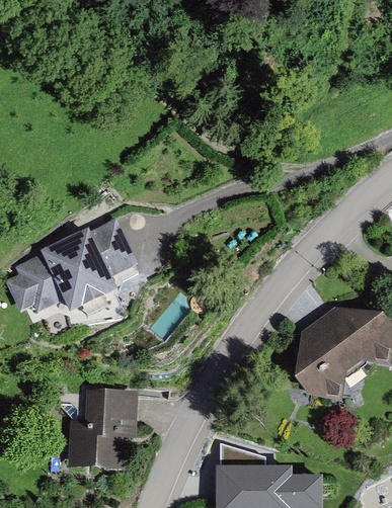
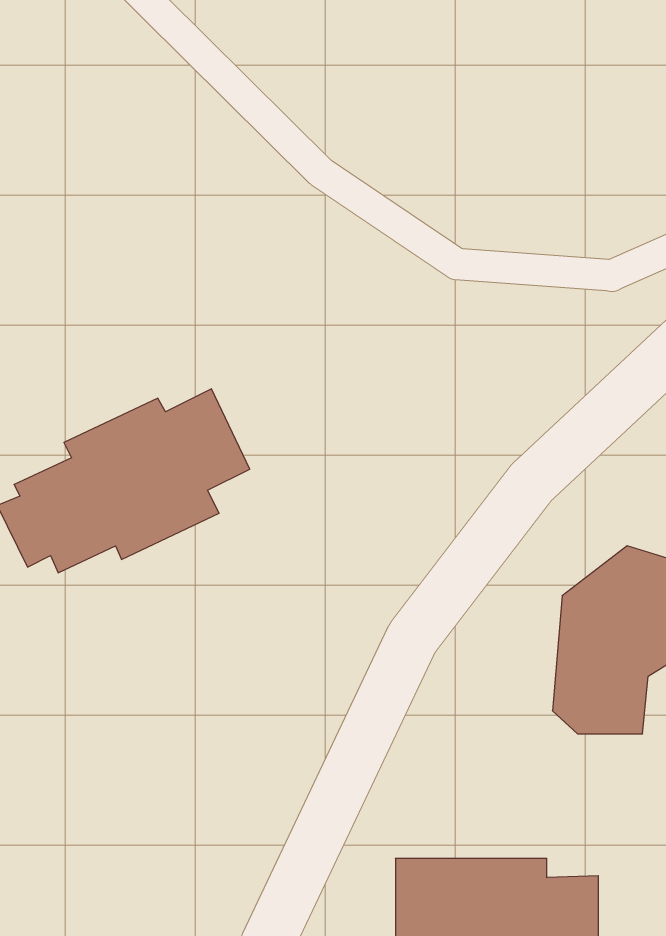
building: [69,392,139,468] -> none

